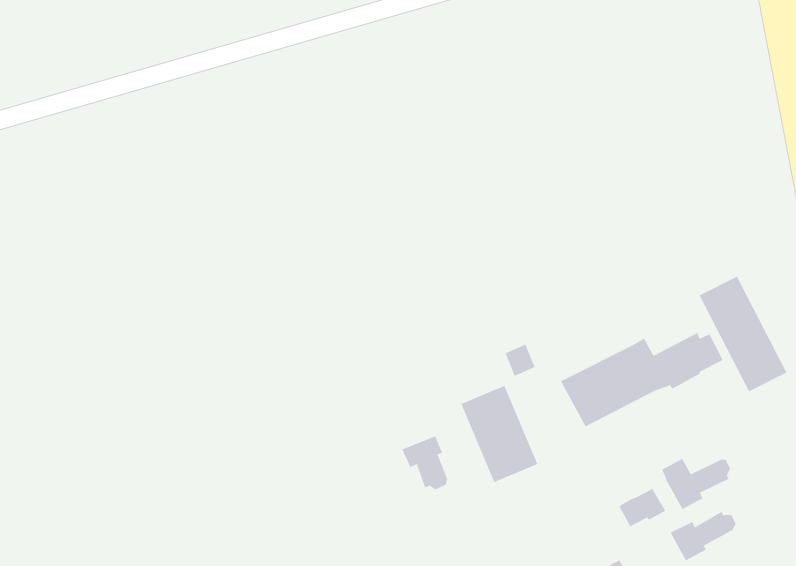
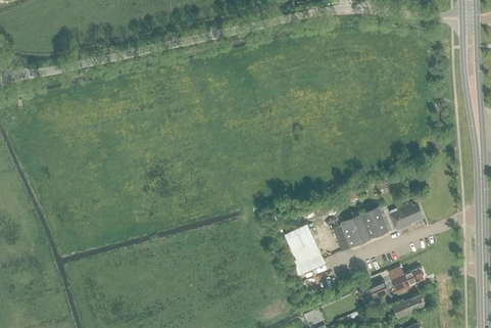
building: [699,276,787,392] -> none
building: [402,435,448,490] -> none

